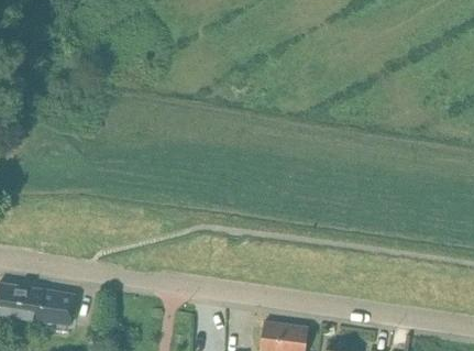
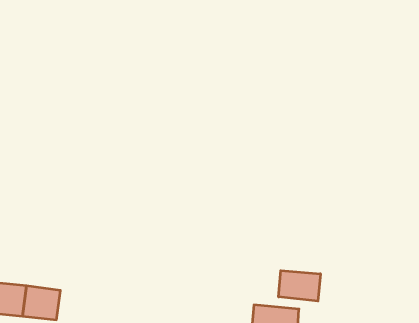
building: none -> [279,271,320,301]

